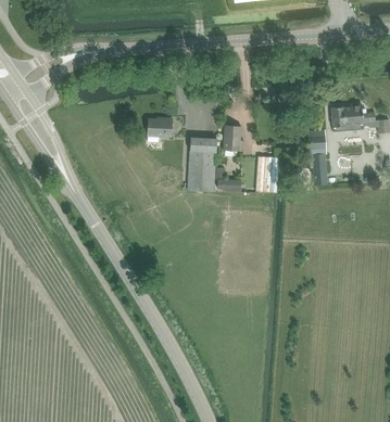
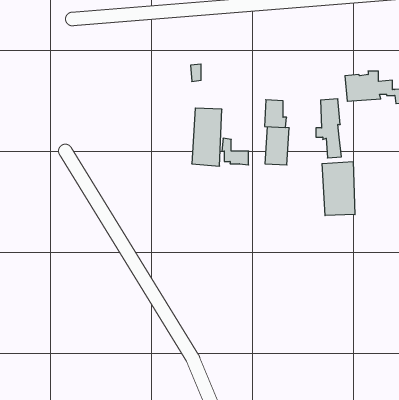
building: [147,118,171,141] -> none
building: [223,124,243,150] -> [265,100,287,128]
building: none -> [322,162,355,216]

